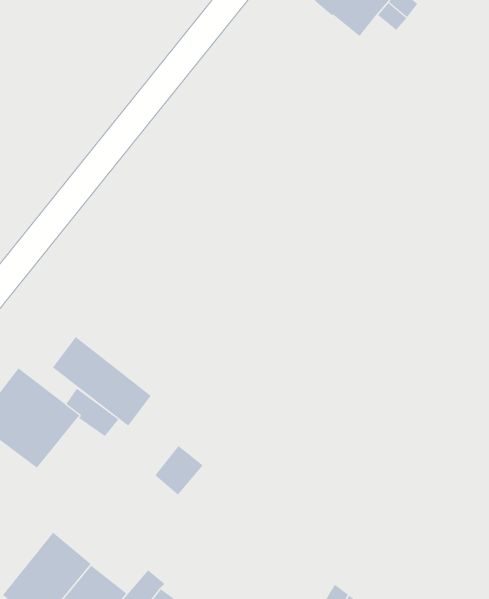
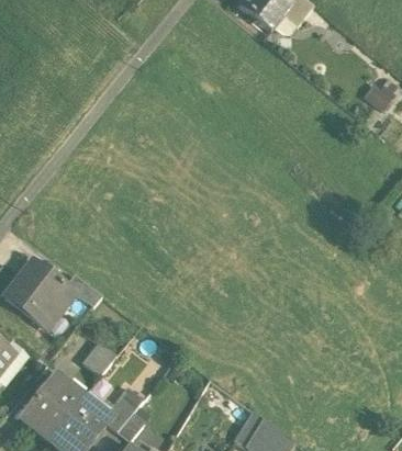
building: [53,336,152,426] -> none
building: [154,445,203,496] -> [85,339,119,374]

